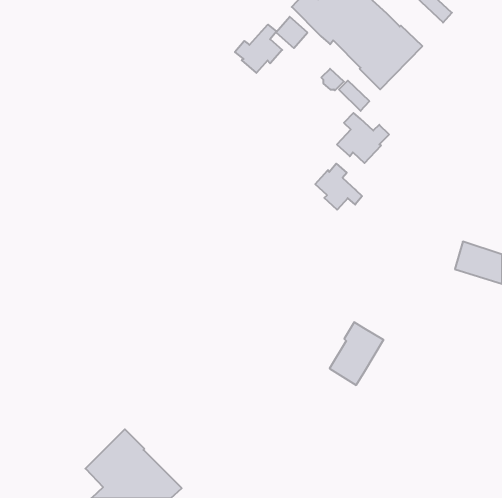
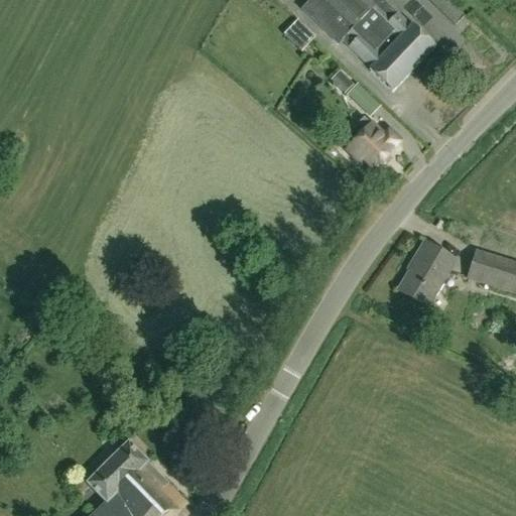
building: [235,25,282,73] -> none
building: [315,164,362,210] -> none
building: [330,322,384,385] -> [398,240,454,304]

